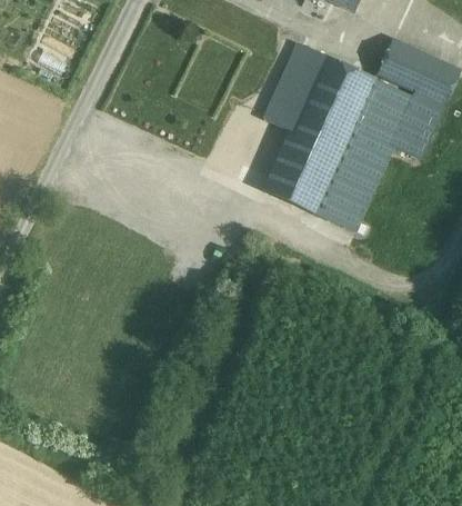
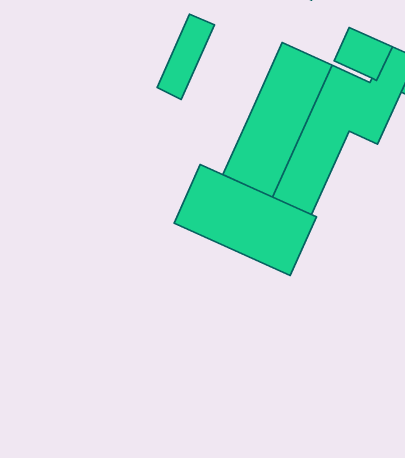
building: [264,42,323,130] -> [157,14,215,100]
building: none -> [174,164,316,276]

